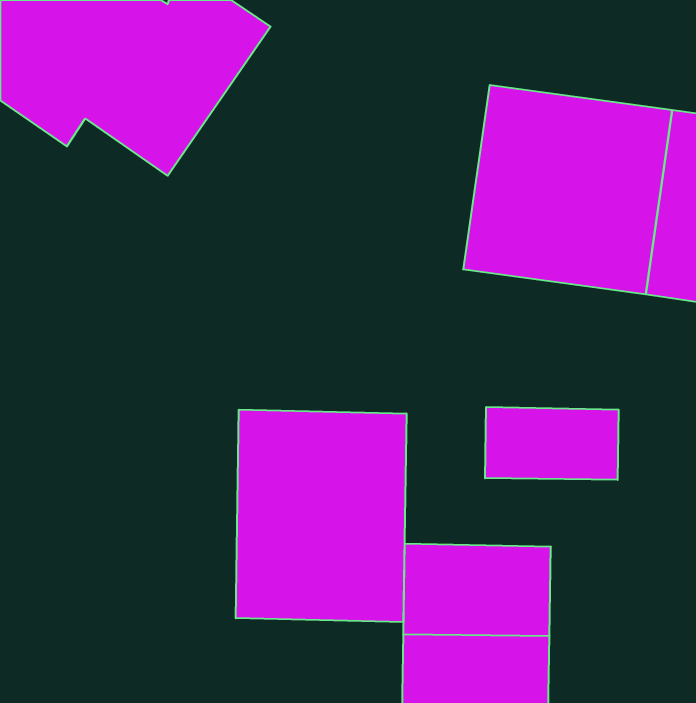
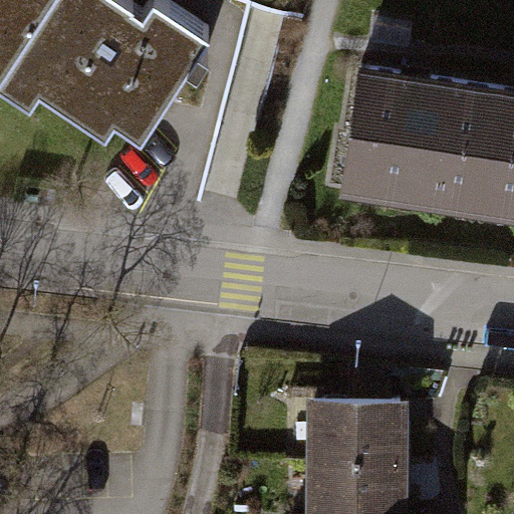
building: [485,407,619,480] -> none
building: [236,410,406,622] -> none

